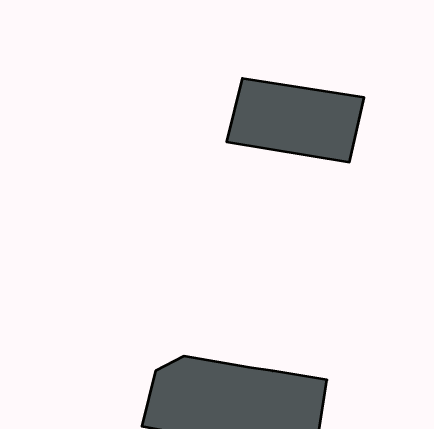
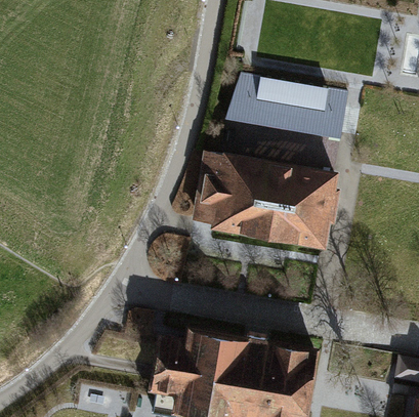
building: none -> [196,154,340,249]

